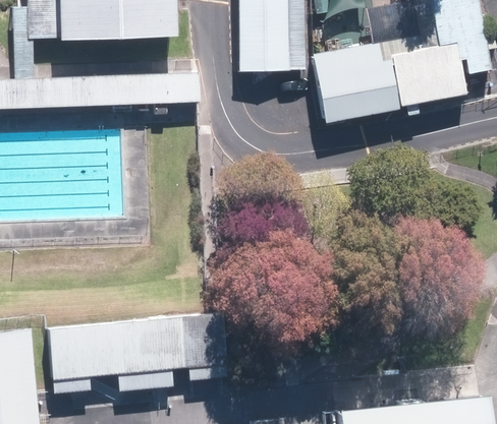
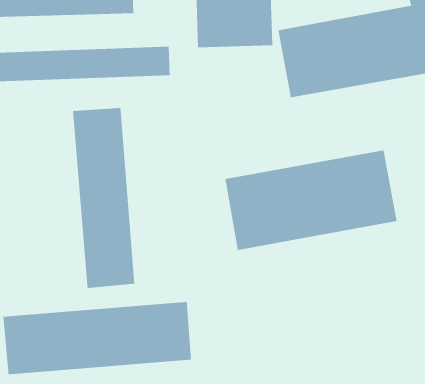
building: none -> [72,107,135,289]
building: none -> [225,149,398,251]

